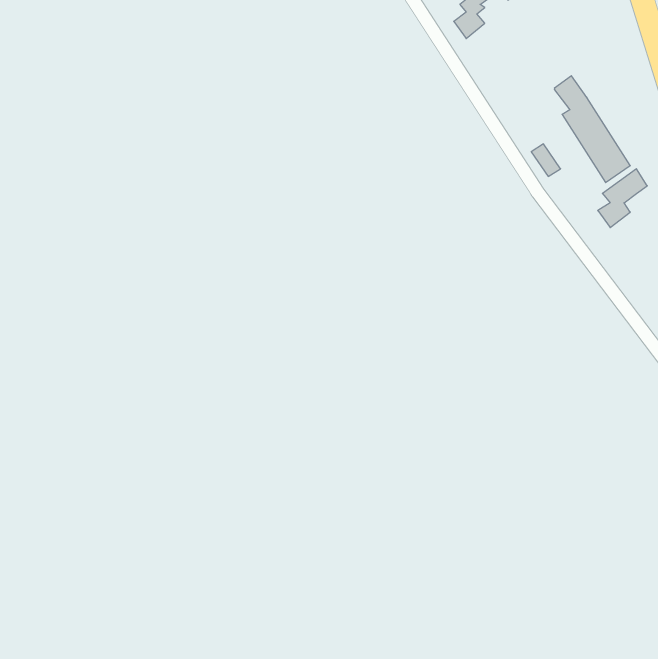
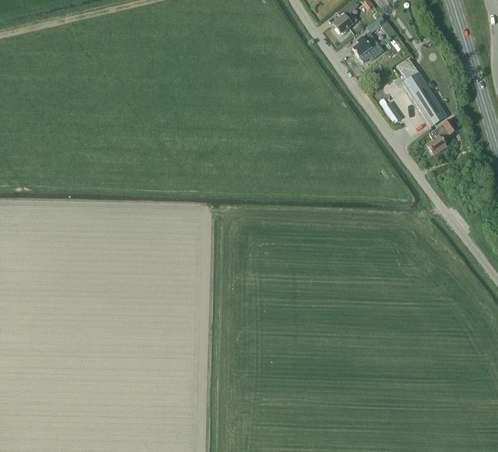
building: none -> [353,17,394,61]

